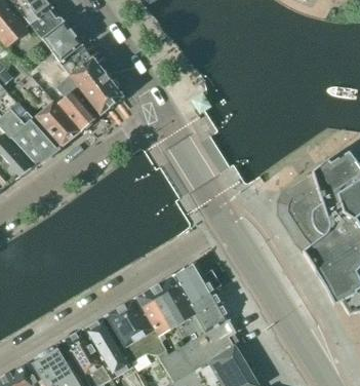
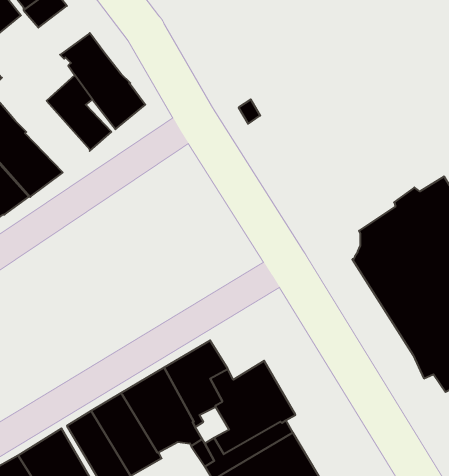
building: [41,23,80,60] -> none
building: [26,78,80,146] -> none
building: [171,262,222,306] -> none

